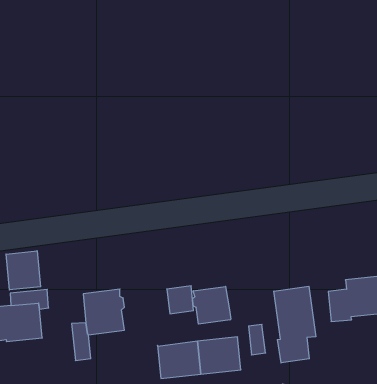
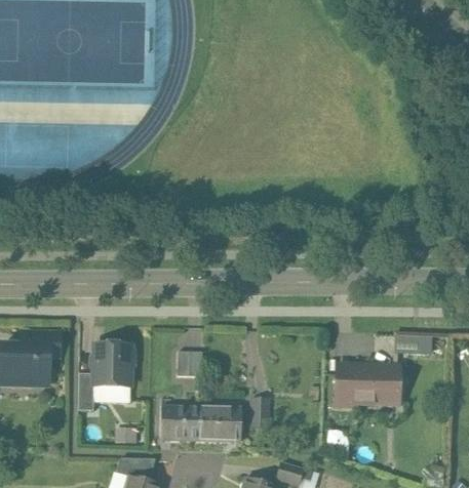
building: [6,251,41,290] -> none
building: [274,286,316,363] -> none
building: [192,286,231,324] -> none

